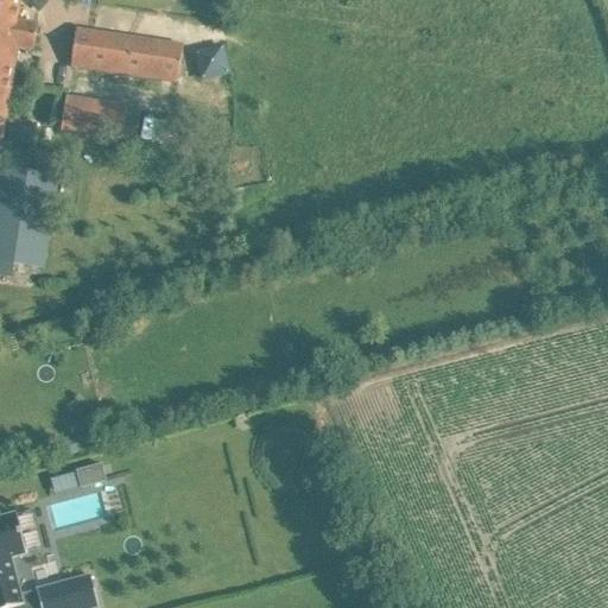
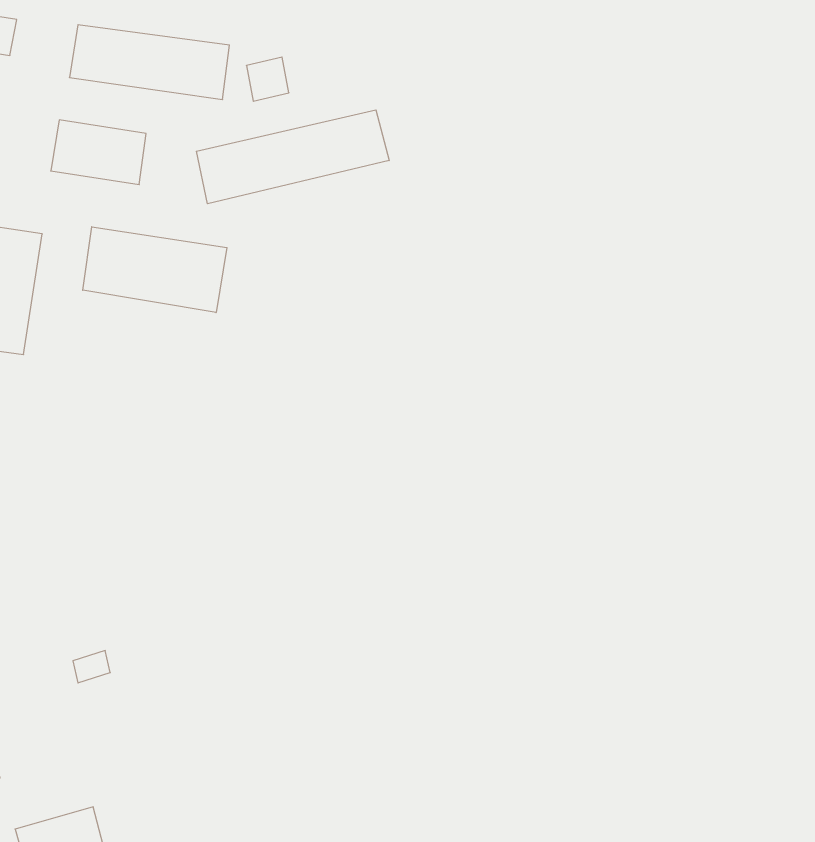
building: none -> [196,110,389,204]
building: none -> [83,227,227,313]

